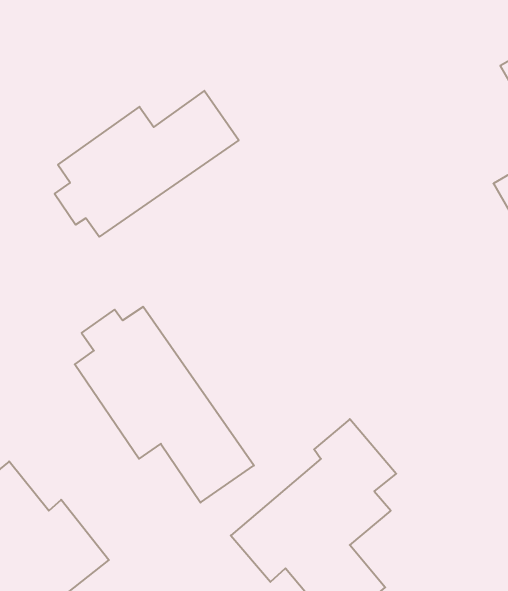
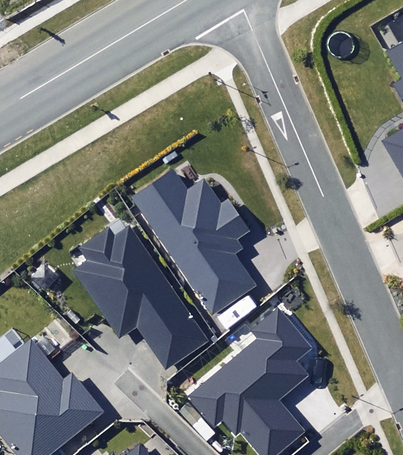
building: [55,91,239,237] -> none
building: none -> [132,170,256,317]

